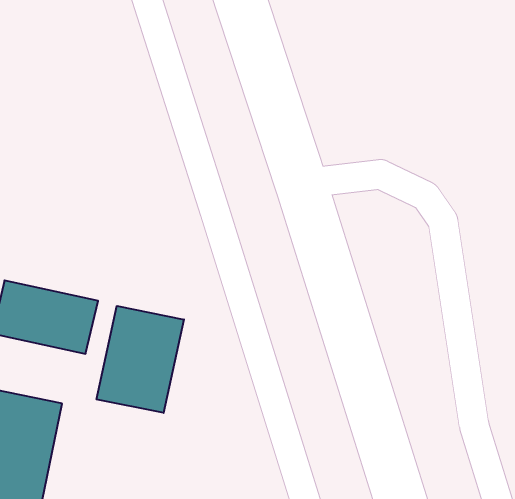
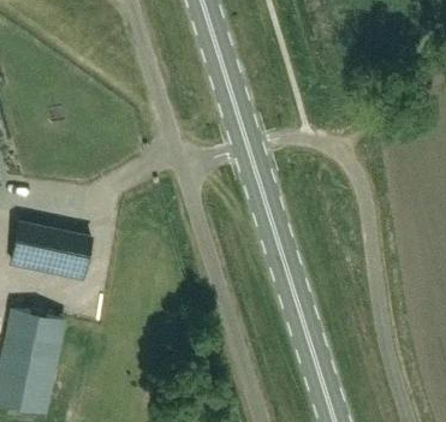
building: [97,306,184,413] -> none

